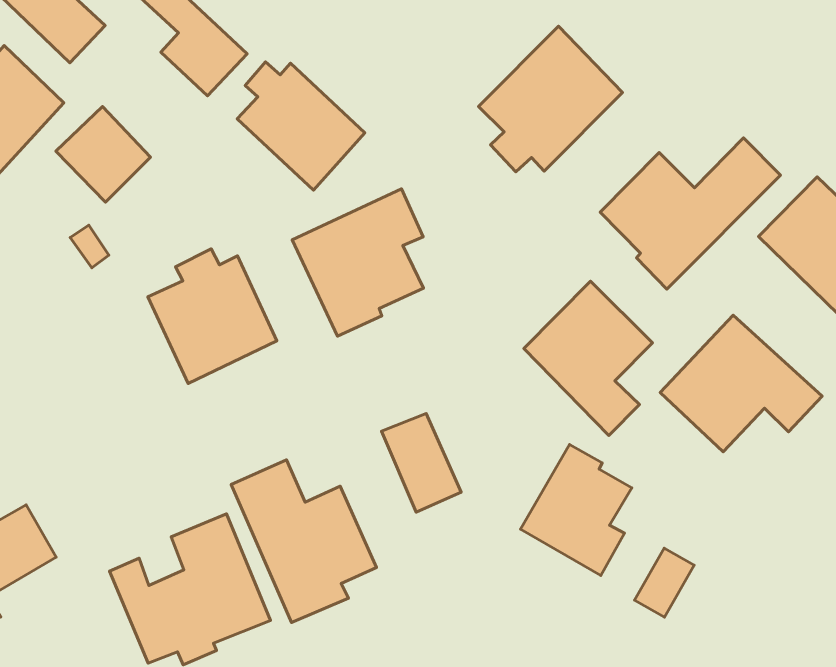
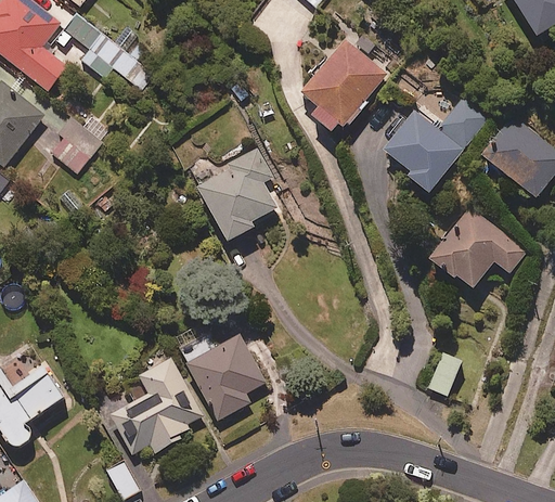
building: [237,62,365,190] -> none
building: [148,249,277,384] -> none
building: [524,281,652,436] -> none
building: [381,413,461,512] -> none
building: [520,444,632,575] -> none

